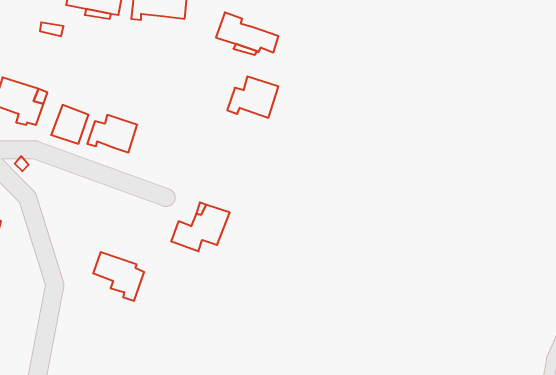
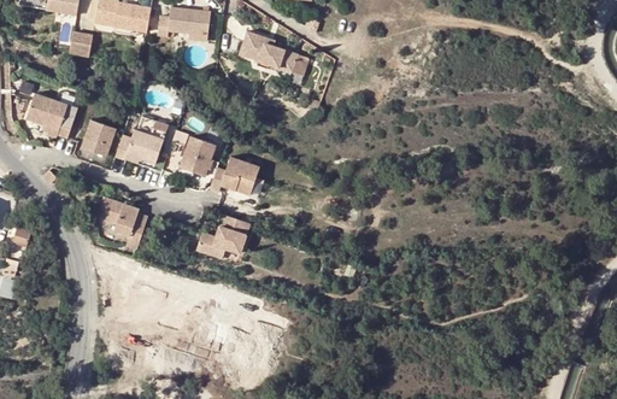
building: [227,76,278,118] -> [210,156,259,195]
building: none -> [180,136,215,175]
building: [93,252,144,301] -> [96,196,146,243]

